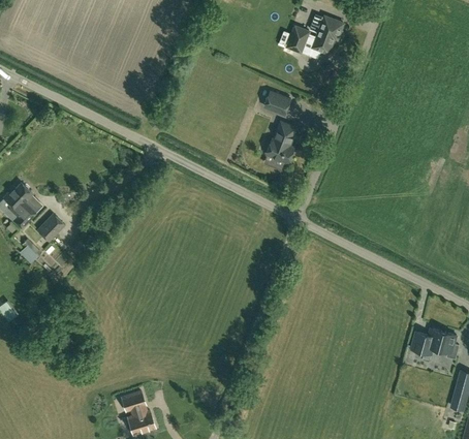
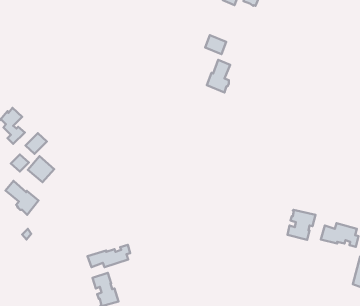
building: none -> [5,181,39,215]
building: none -> [287,210,315,240]
building: none -> [87,245,130,267]

